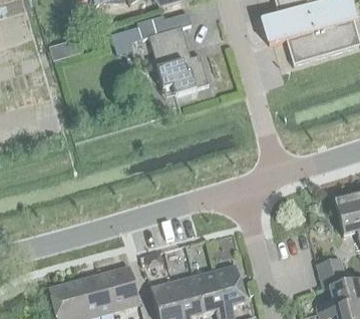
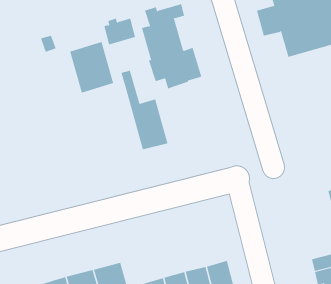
building: none -> [70,41,114,94]
building: none -> [121,70,168,150]

